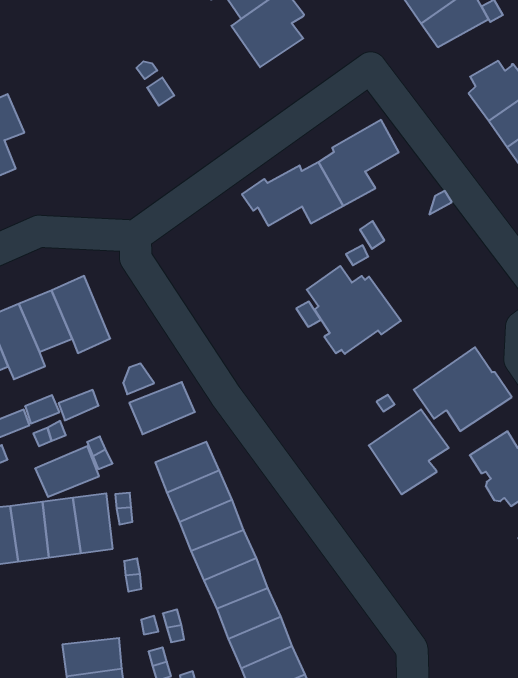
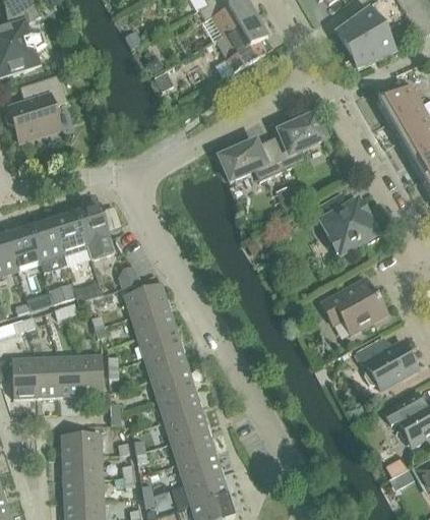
building: [307,266,401,354] -> [318,192,381,253]
building: [369,409,449,494] -> none
building: [35,446,99,497] -> [130,304,174,337]
building: none -> [61,432,102,457]

